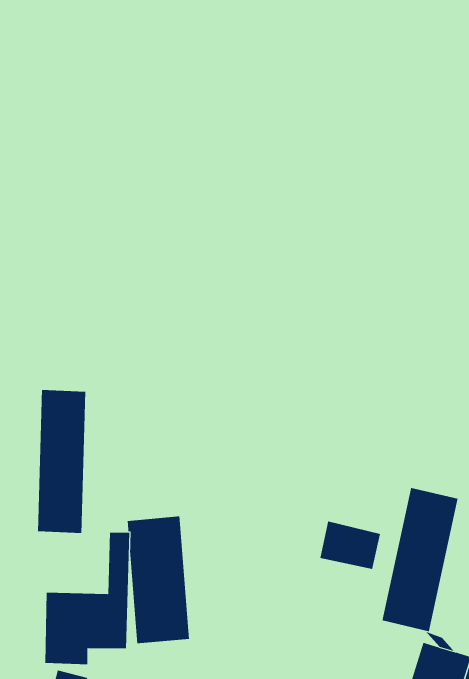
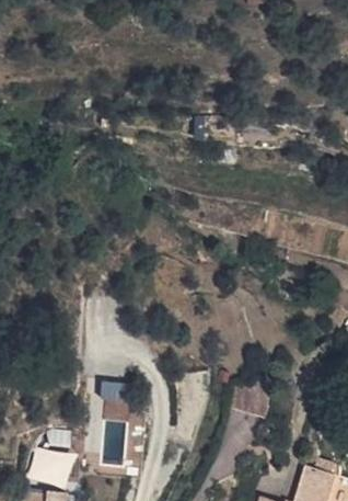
building: [37,389,86,534] -> none
building: [382,487,458,632] -> none

